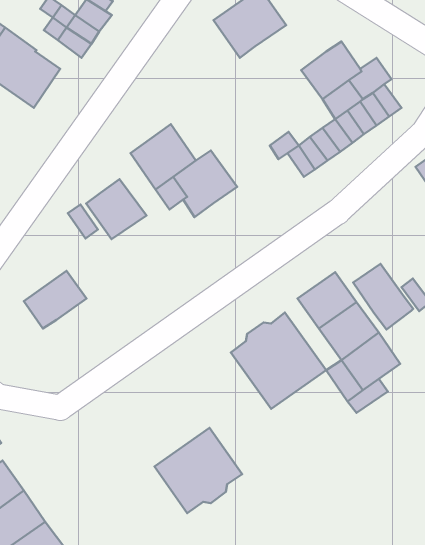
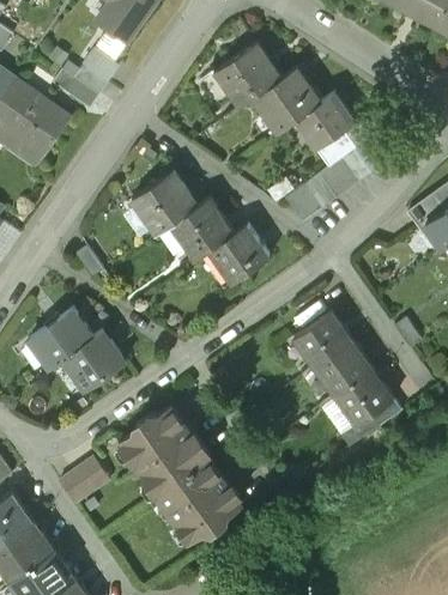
building: none -> [253,66,321,130]
building: none -> [213,221,271,281]
building: [86,179,146,239] -> none
building: [353,264,413,330] -> none
building: none -> [63,330,123,388]
building: [231,312,326,409] -> [119,405,210,497]
building: none -> [57,457,108,504]

